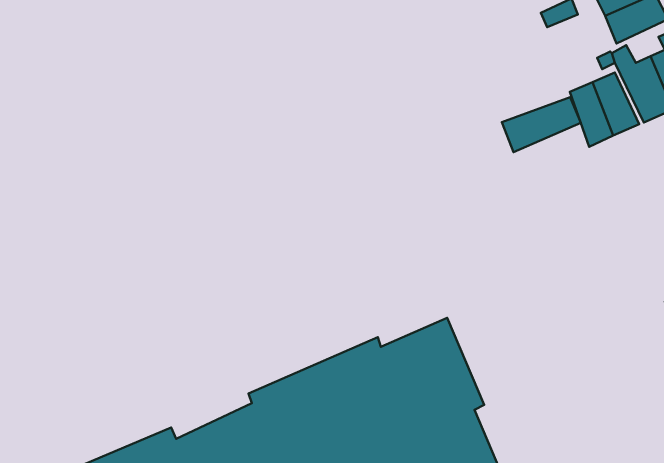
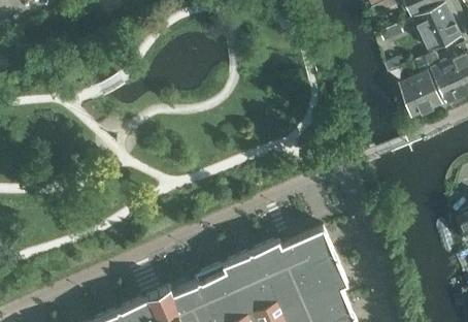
building: [502,97,581,152] -> none

